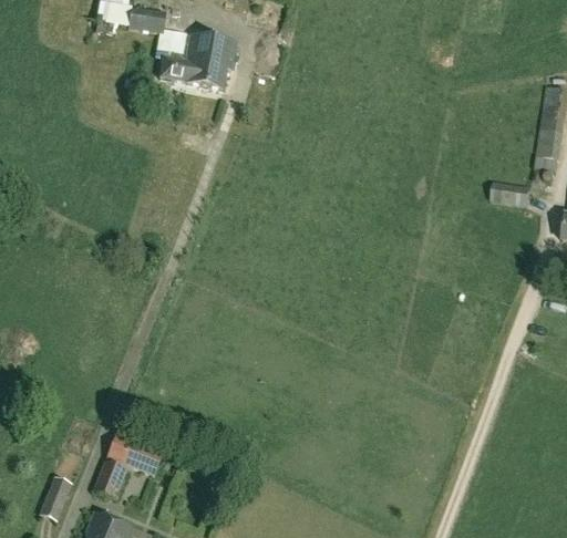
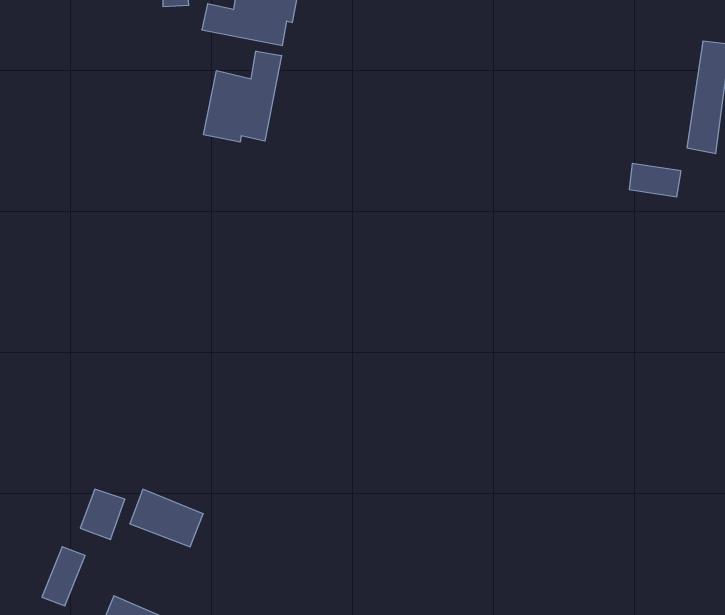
building: none -> [204,51,282,142]
building: [93,459,127,498] -> [80,489,125,540]

